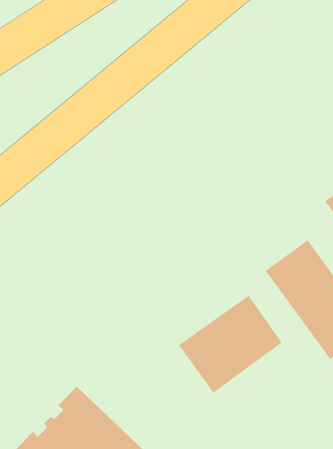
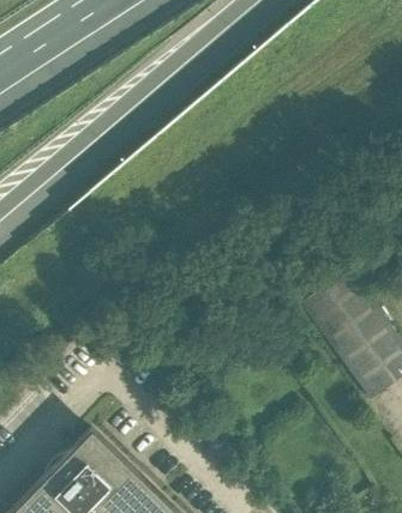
building: [178,295,283,393] -> none

